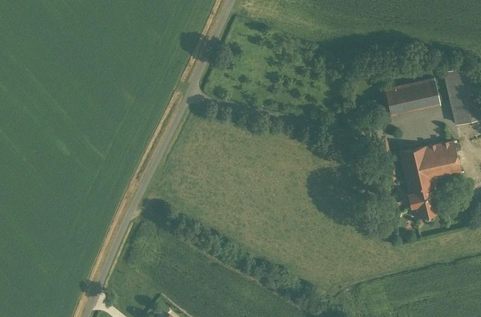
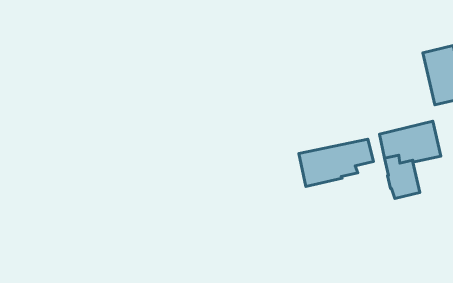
building: [385,80,439,116] -> none
building: none -> [299,139,373,187]

